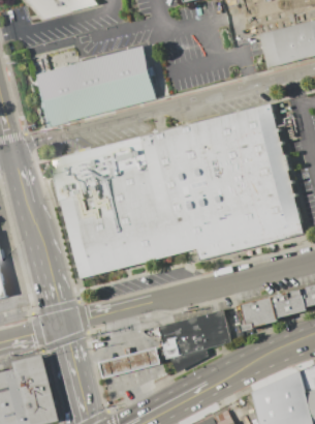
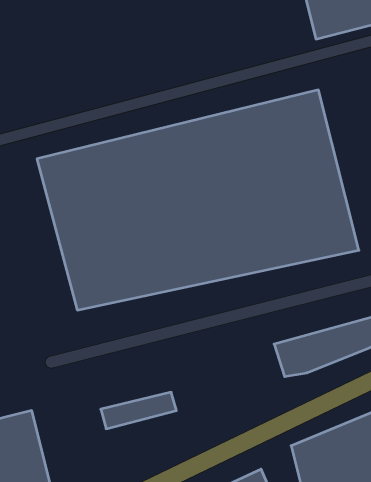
building: [32,44,157,126] -> none
building: [157,310,232,360] -> none

